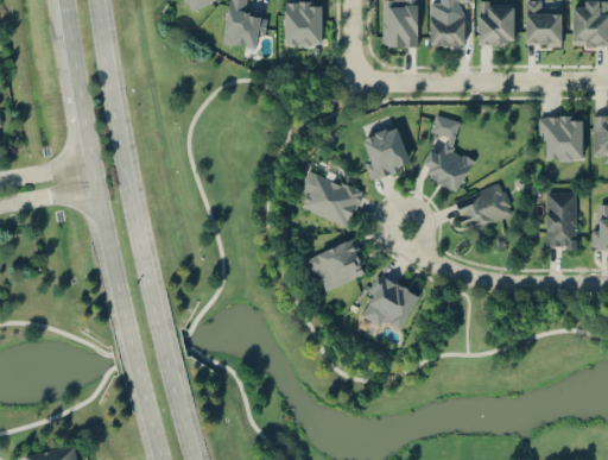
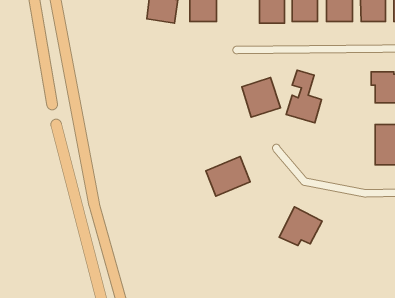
building: [298,168,363,227] -> none
building: [452,182,514,233] -> none
building: [359,273,419,328] -> [279,207,322,246]

